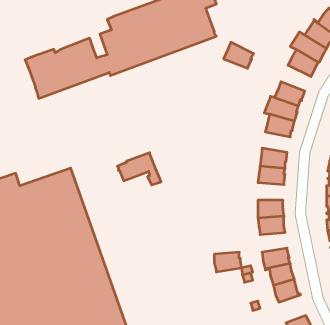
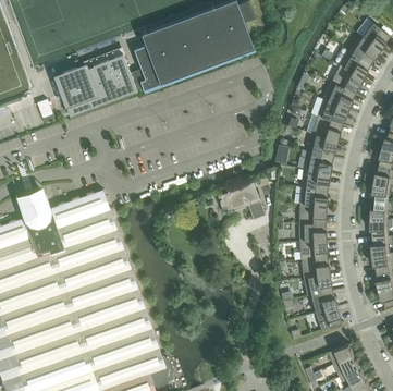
building: [224,42,254,68] -> [322,84,354,111]
building: none -> [303,154,332,175]
building: [117,153,161,185] -> [218,185,263,219]
building: none -> [298,207,326,225]
building: [214,252,241,272] -> [300,259,329,280]

